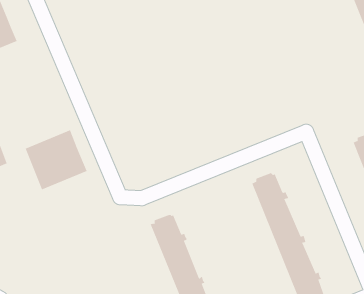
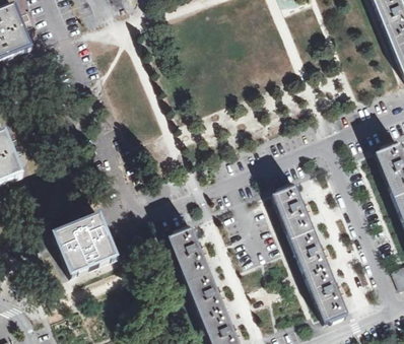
building: [25,129,87,190] -> [53,215,117,277]

